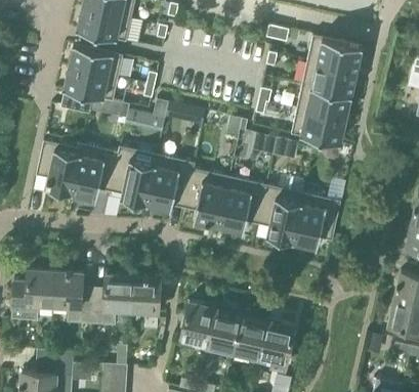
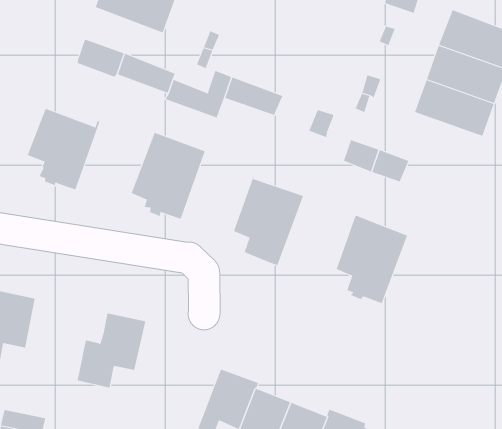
building: [64,68,118,101] -> none
building: [291,110,346,145] -> none
building: [73,145,121,200] -> none
building: [148,156,194,210] -> none
building: [218,177,266,232] -> none
building: [293,194,340,249] -> none
building: [53,272,93,324] -> none
building: [130,277,166,330] -> none

